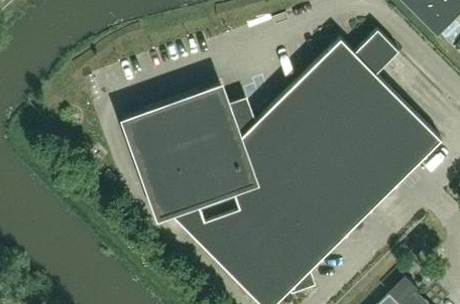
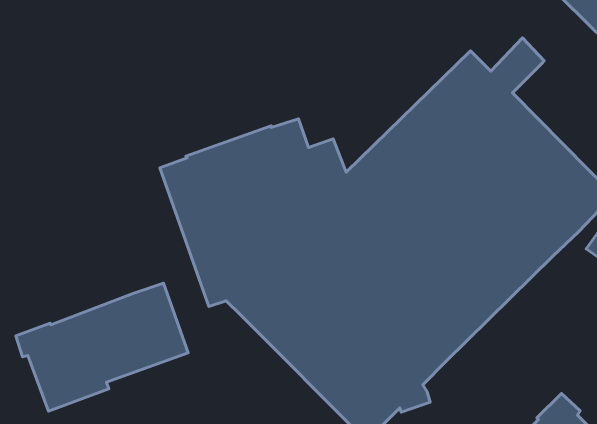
building: none -> [16,283,188,411]

